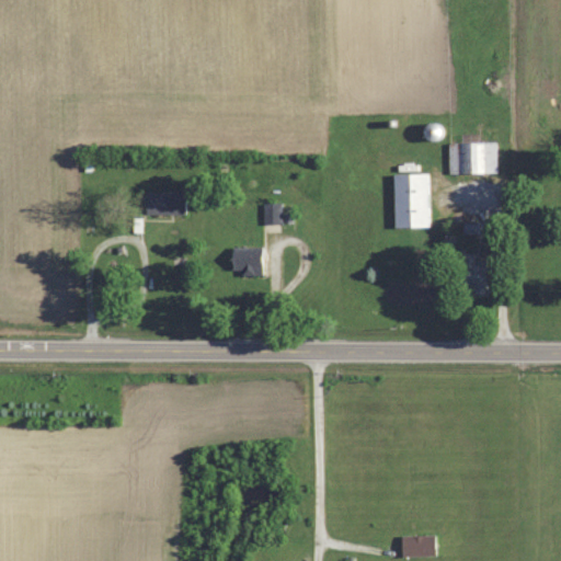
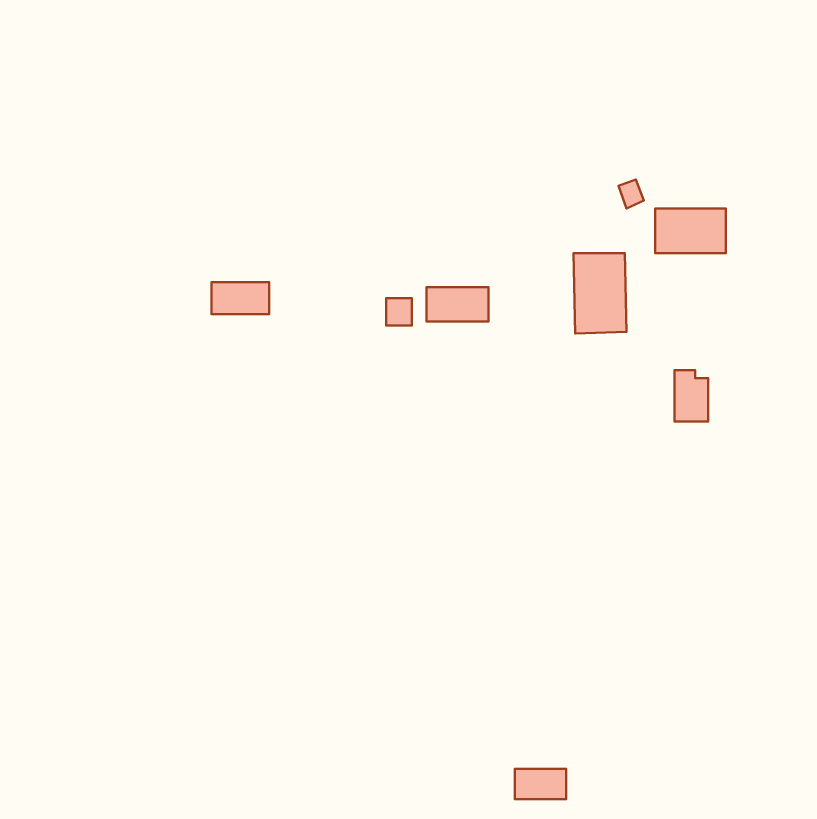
building: none -> [426,287,489,321]
building: [232,248,262,273] -> none
building: [401,535,436,556] -> [515,769,566,799]

